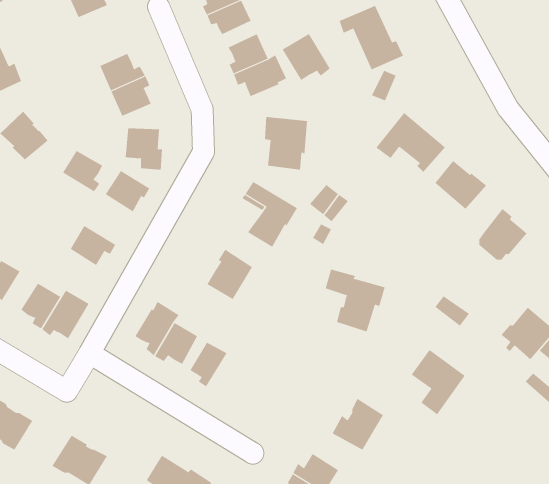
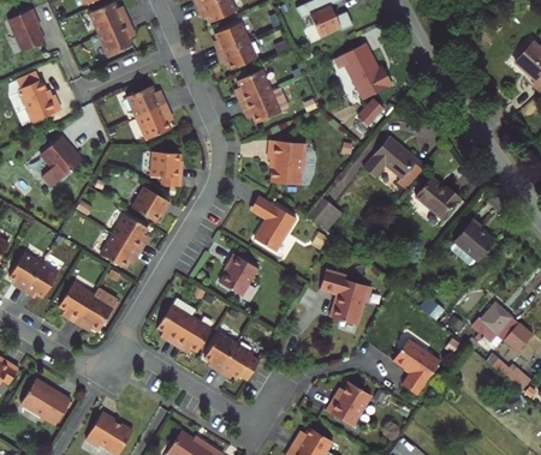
building: [282,33,331,81] -> none
building: [62,150,103,192] -> [114,214,149,250]
building: none -> [219,342,260,379]

